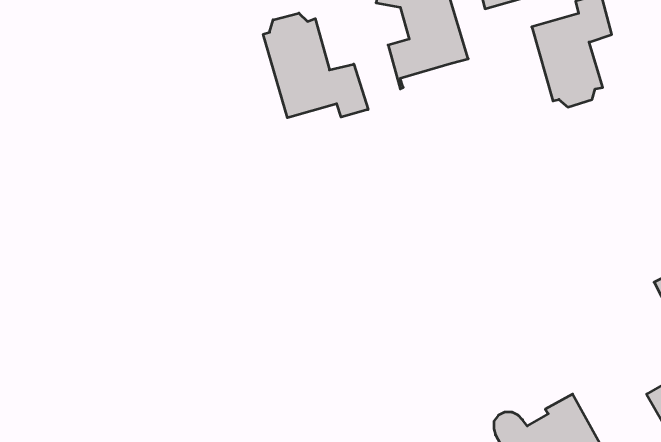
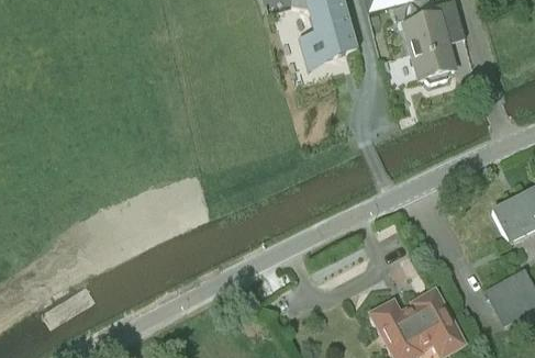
building: [263,13,368,118] -> none

